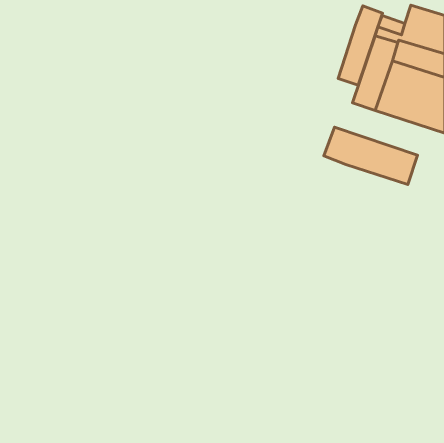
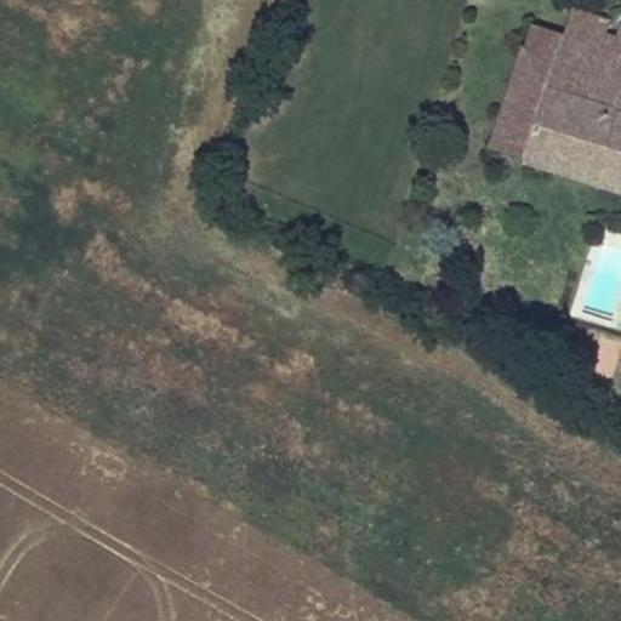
building: [338,6,383,85] -> none
building: [324,127,418,185] -> none

